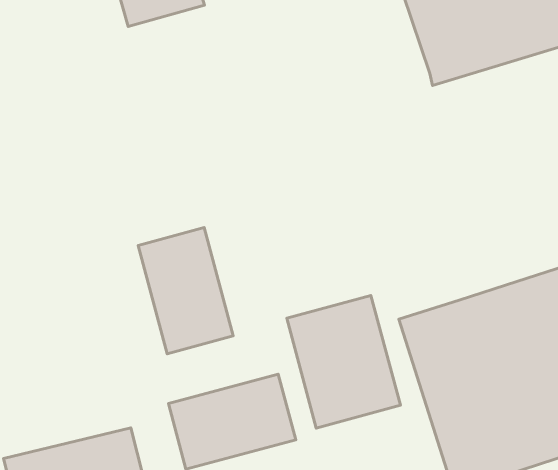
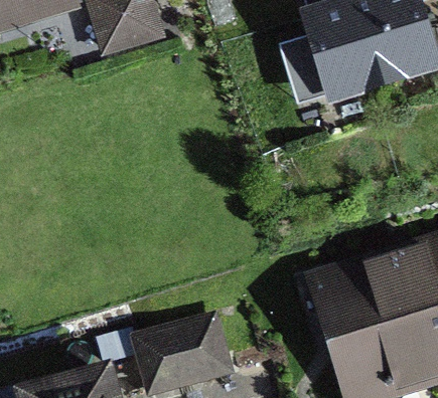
building: [138,228,233,354] -> none
building: [287,295,400,428] -> none

